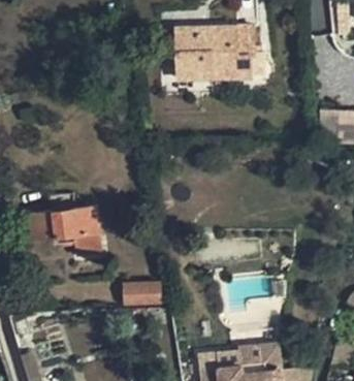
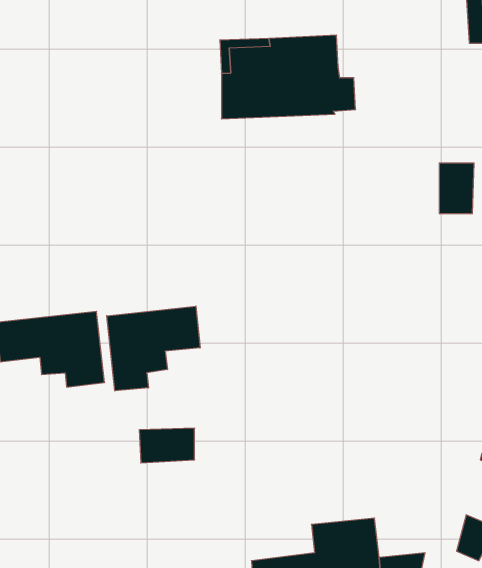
building: none -> [107,306,200,391]

